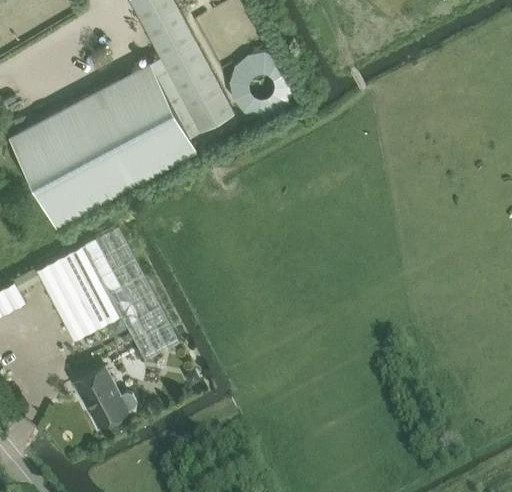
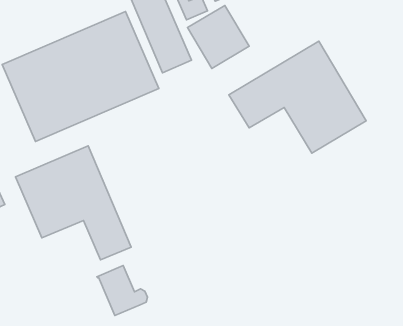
building: none -> [229,41,366,153]
building: [74,368,136,428] -> [97,266,148,315]

